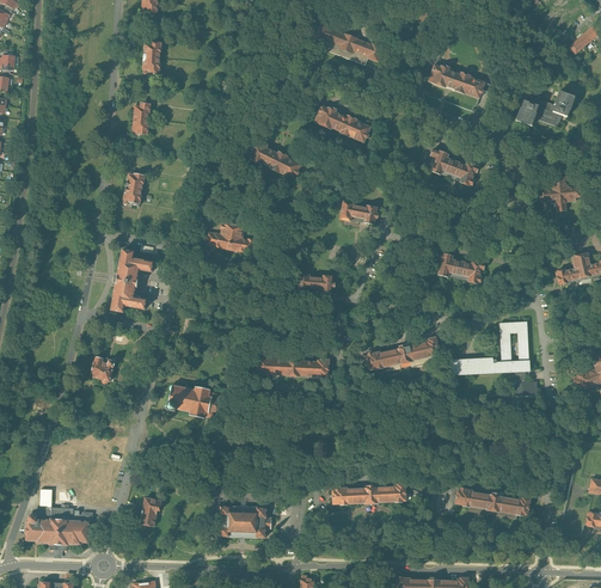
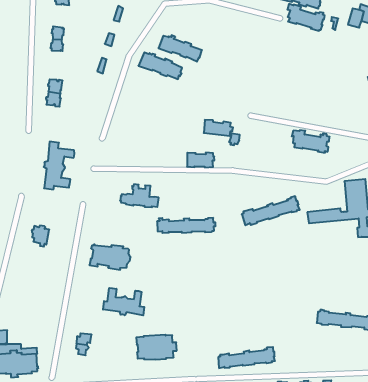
building: [314,106,370,142] -> [158,35,202,62]
building: [430,149,478,186] -> [287,4,325,31]
building: [341,201,379,223] -> [204,120,233,136]
building: [203,222,253,253] -> [120,184,159,207]
building: none -> [103,288,144,315]
building: [332,483,405,506] -> [218,347,275,368]

